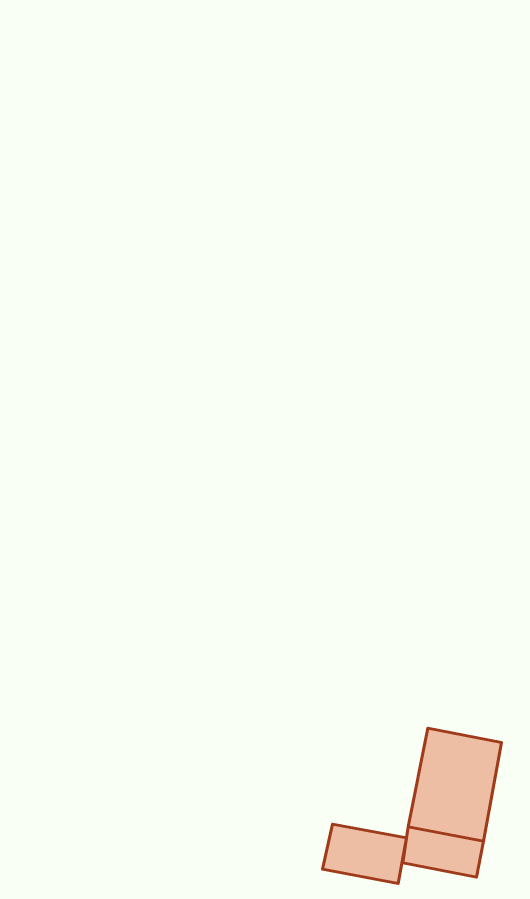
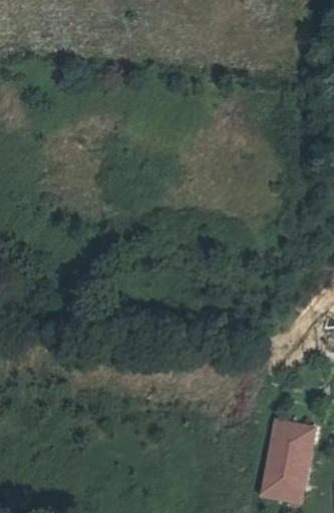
building: [322,824,406,883] -> none

